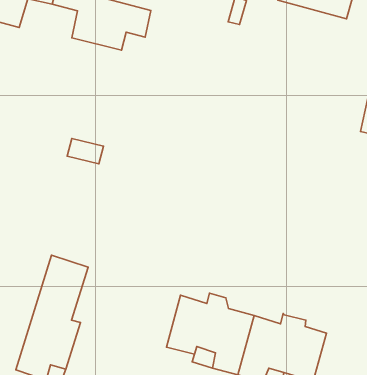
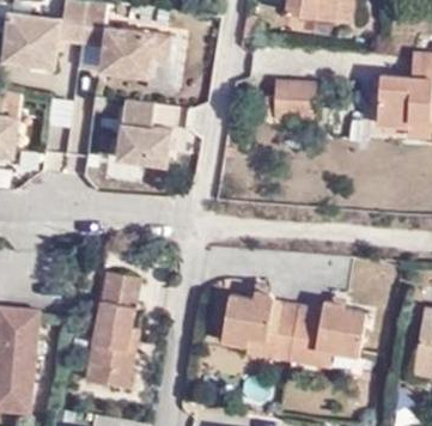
building: none -> [272,80,316,121]
building: none -> [115,102,172,168]

